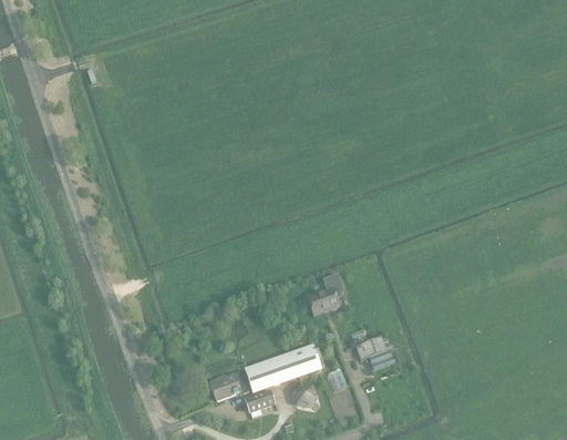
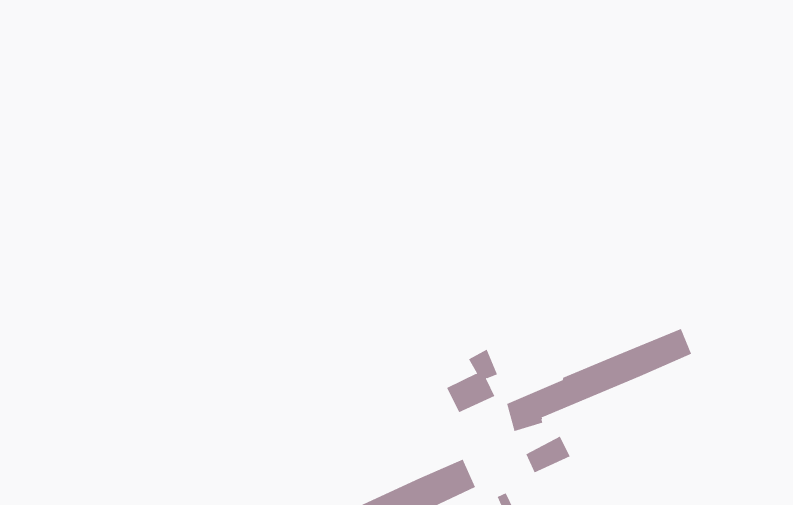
building: none -> [506,328,692,432]

